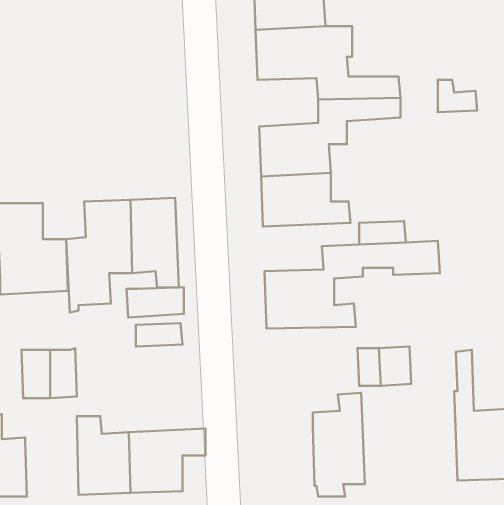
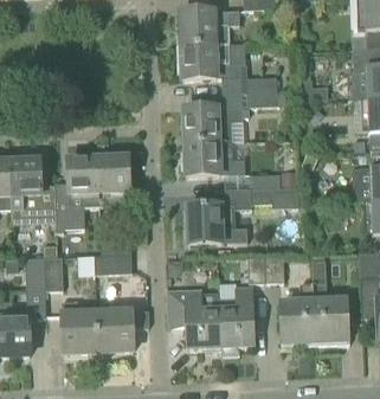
building: [127,287,184,318] -> [94,253,131,273]
building: none -> [278,284,314,345]
building: none -> [166,289,219,348]

